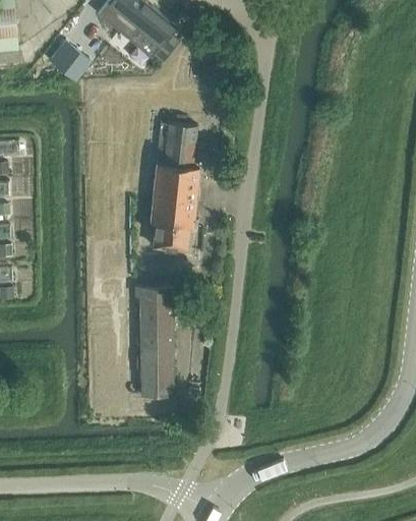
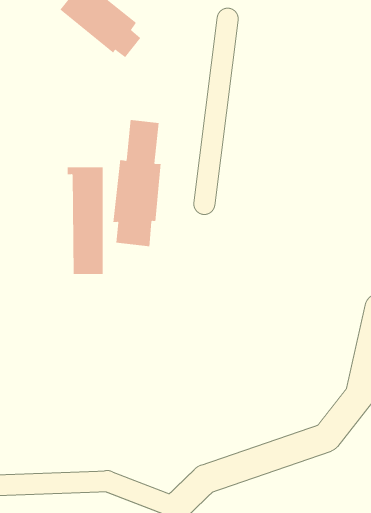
building: [49,40,91,79] -> none
building: [135,287,172,395] -> [67,167,103,275]

